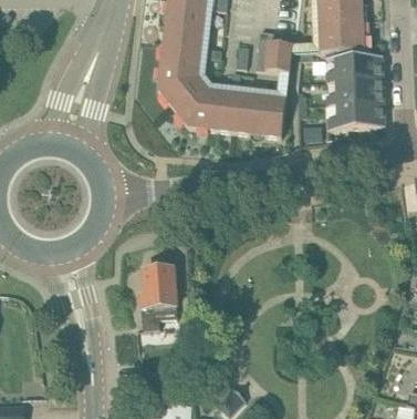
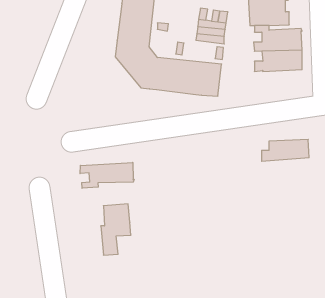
building: [326,105,384,132] -> [262,139,309,161]
building: none -> [80,162,134,188]

